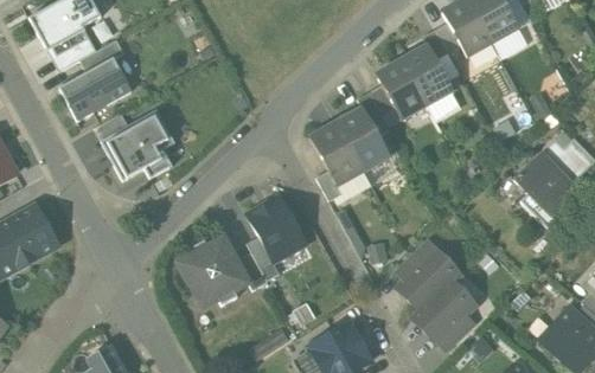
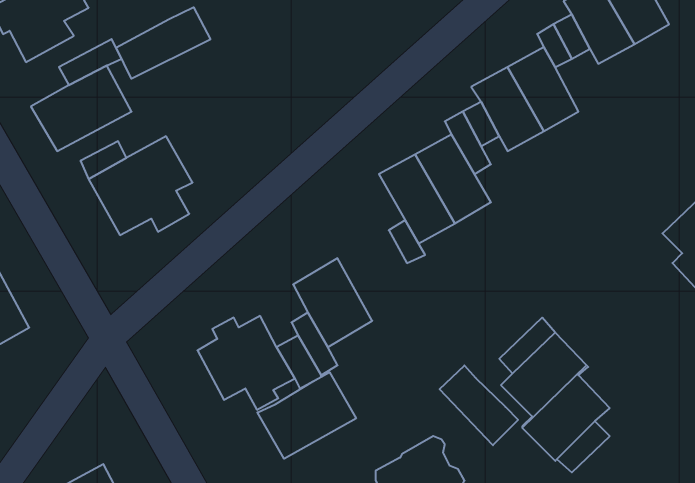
building: none -> [116,7,210,79]
building: none -> [440,365,518,445]
building: none -> [257,372,356,459]

